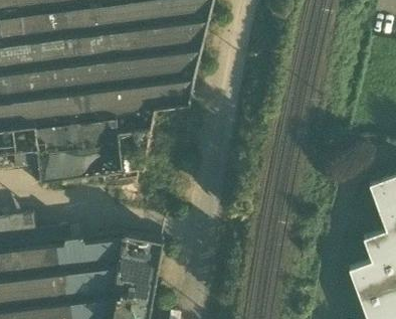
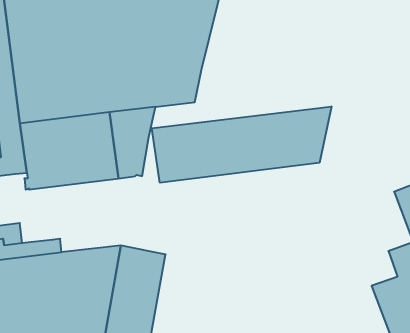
building: none -> [152,106,331,183]

